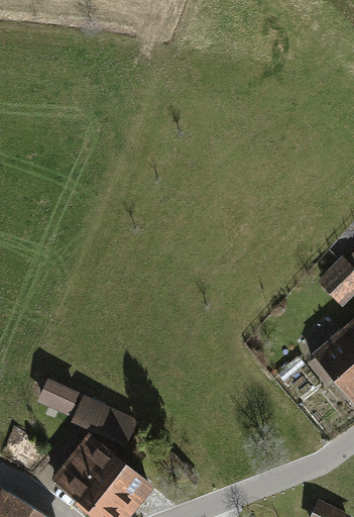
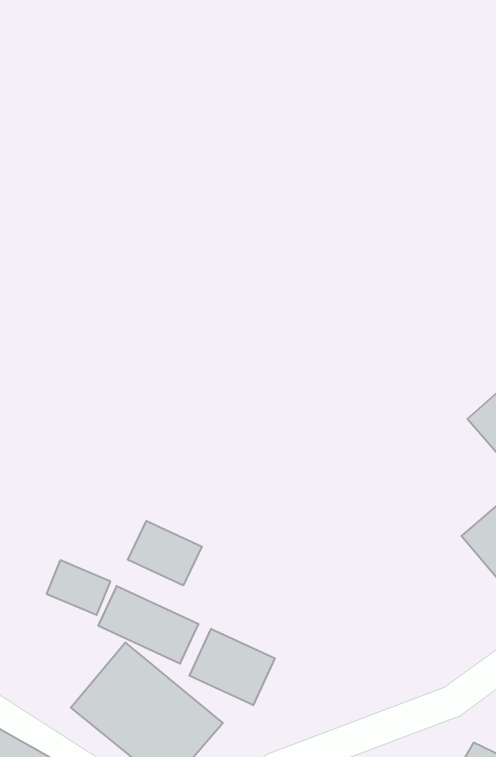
building: none -> [128,521,202,585]
building: none -> [189,629,275,705]

